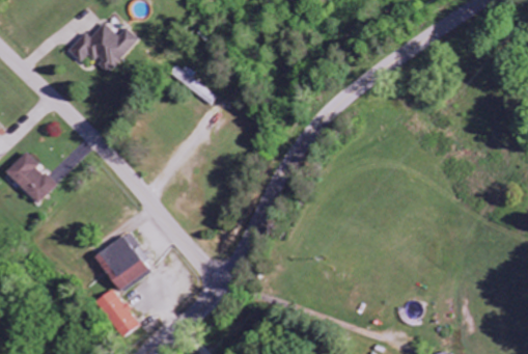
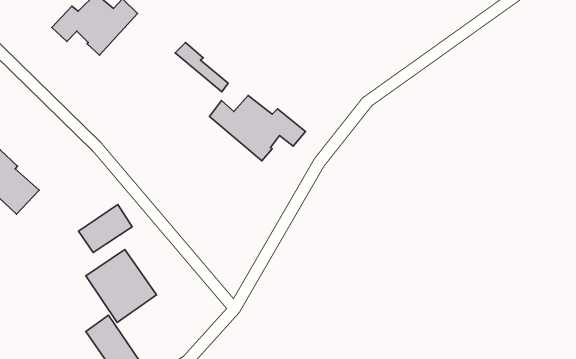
building: none -> [209,95,305,161]
building: none -> [79,205,132,252]

